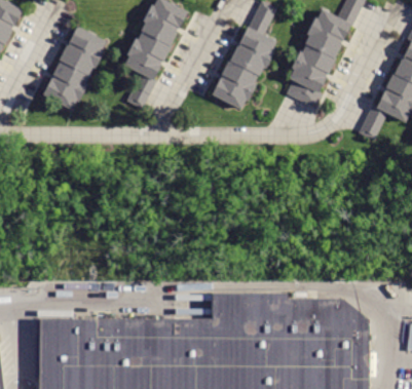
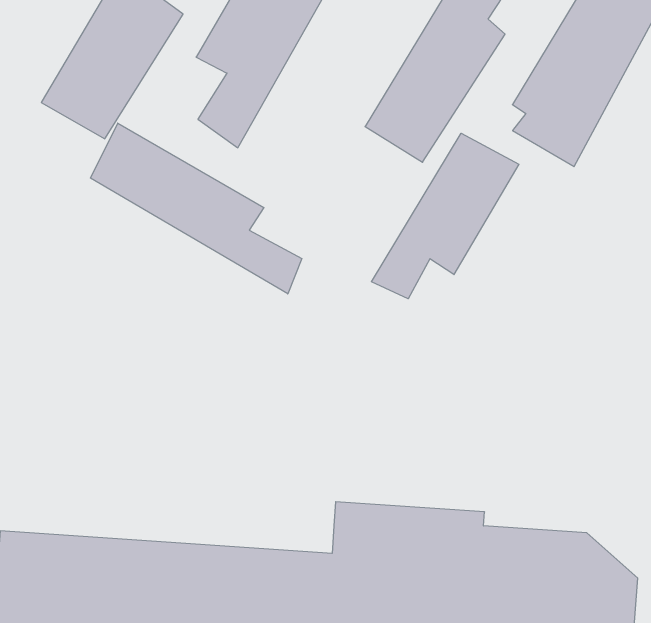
building: none -> [371,133,519,299]
building: none -> [91,123,302,294]

